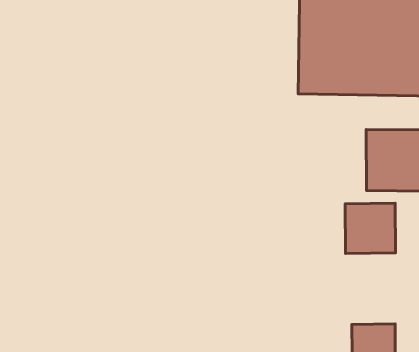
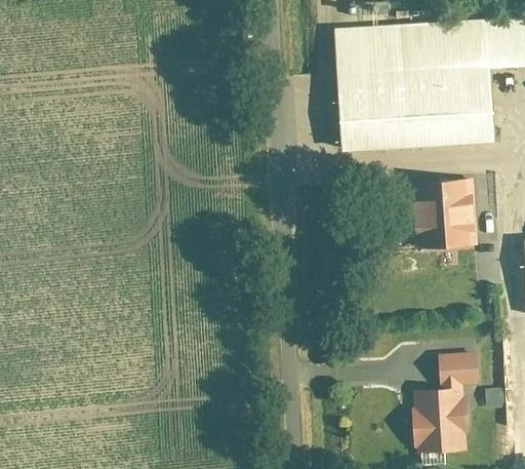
building: [345,203,396,254] -> none
building: none -> [444,351,478,382]

